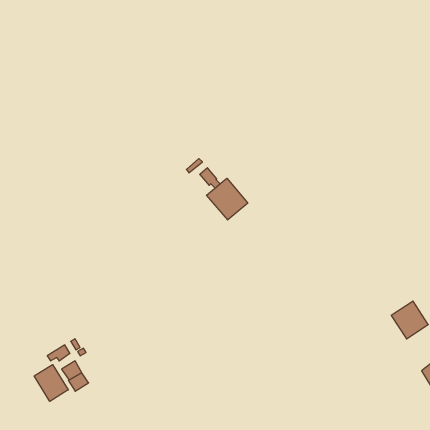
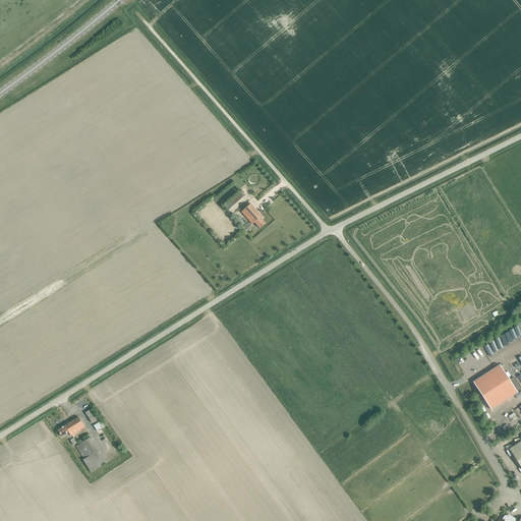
building: [207,178,248,220] -> none
building: [34,365,68,401] -> none

